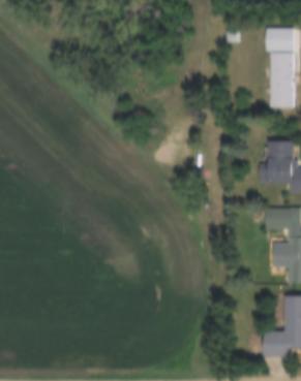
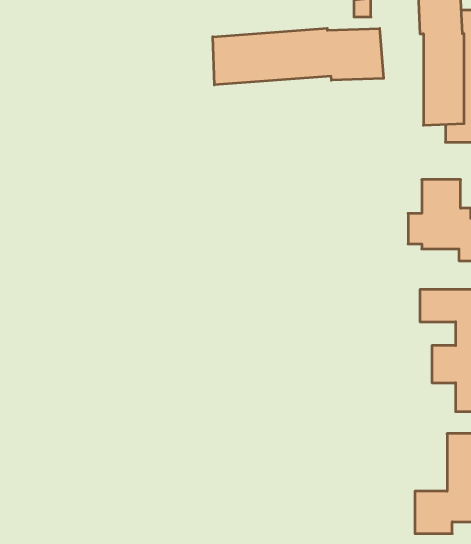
building: none -> [213,28,384,85]

